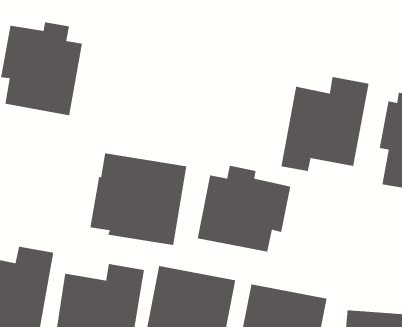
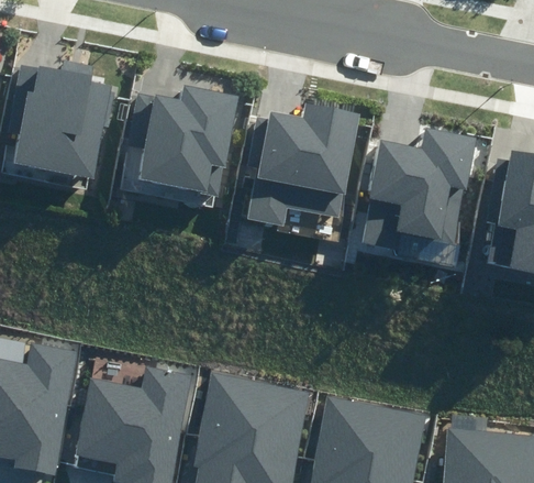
building: none -> [127,85,242,197]
building: none -> [248,106,361,226]
building: [90,152,187,246] -> none
building: [197,165,291,253] -> none

